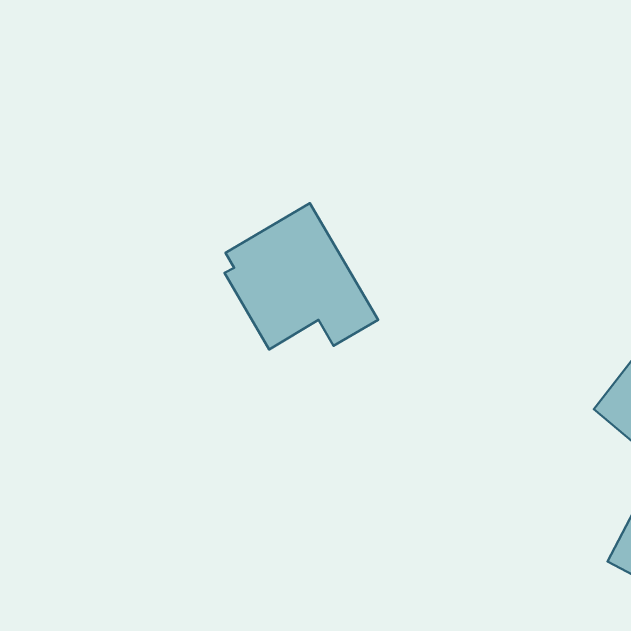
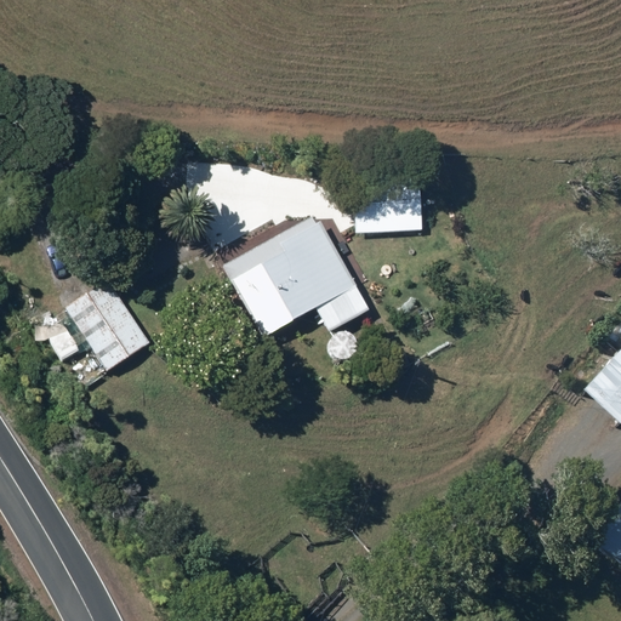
building: none -> [357,178,420,232]
building: none -> [67,280,153,376]

